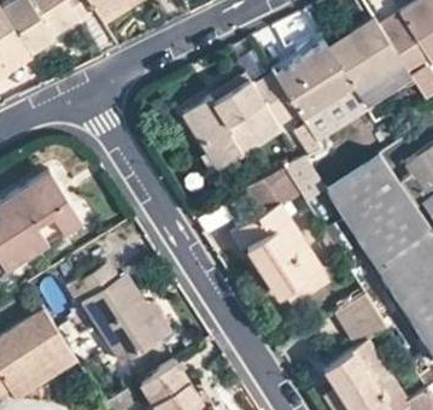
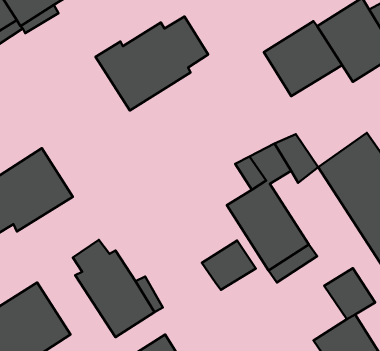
building: [182,74,297,169] -> [96,17,208,110]
building: [300,87,367,141] -> none
building: none -> [202,240,256,290]

